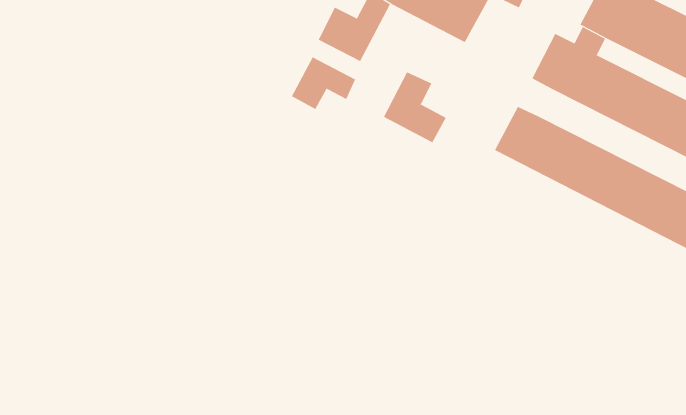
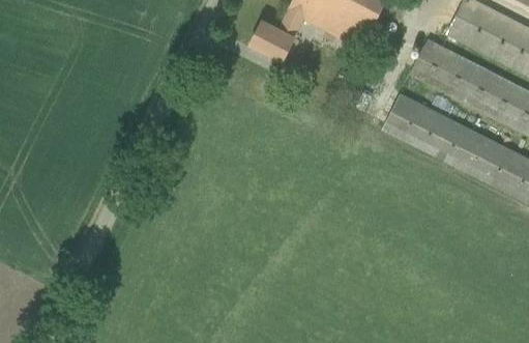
building: [291,56,356,110] -> none
building: [383,71,447,143] -> none

